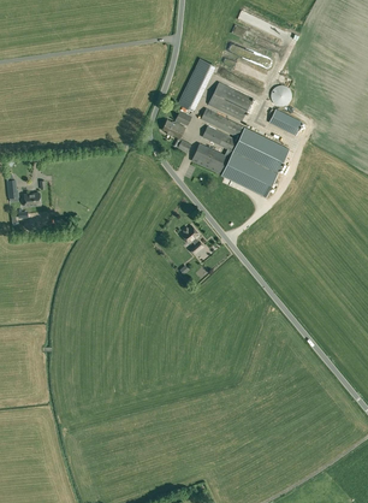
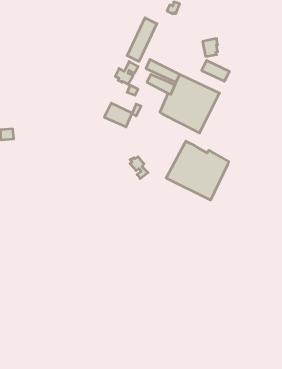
building: [208,82,253,120] -> none
building: [191,143,225,172] -> [104,103,132,127]
building: none -> [166,141,229,200]

